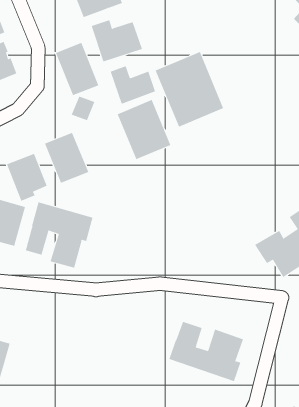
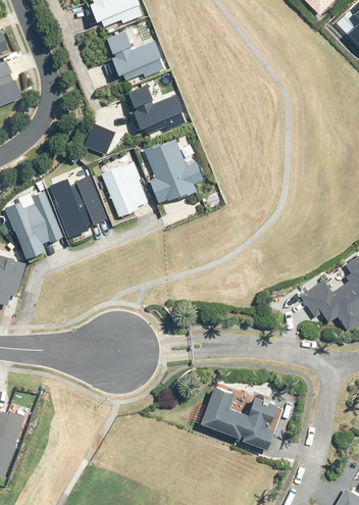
building: [55,42,99,96] -> [97,150,149,213]
building: [155,51,224,127] -> none
building: [25,202,93,268] -> none

